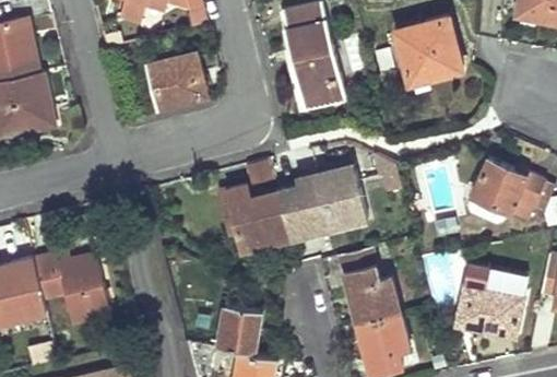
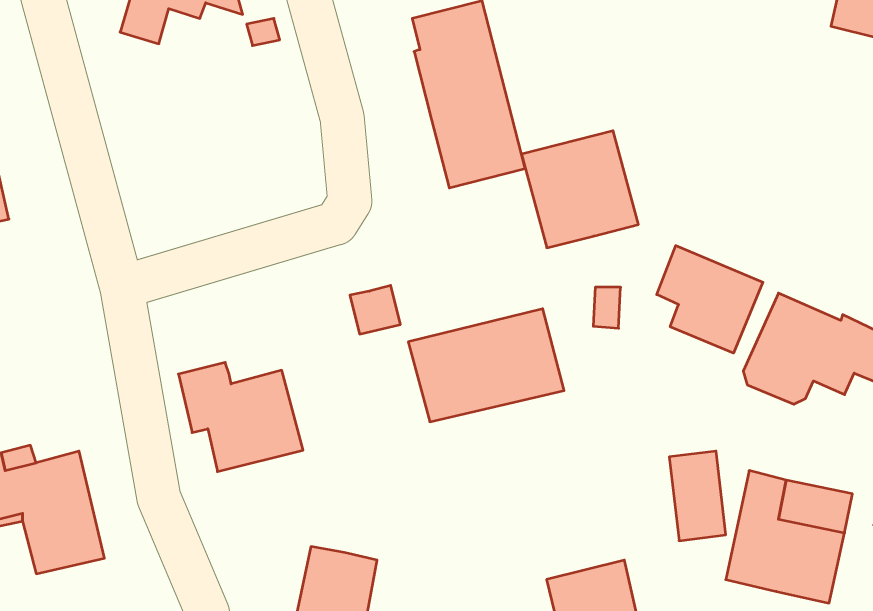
building: [396,17,462,83] -> [522,131,638,248]
building: [145,52,209,108] -> none
building: none -> [657,246,763,353]
building: [222,188,292,249] -> [178,362,303,472]
building: [340,247,401,326] -> none

